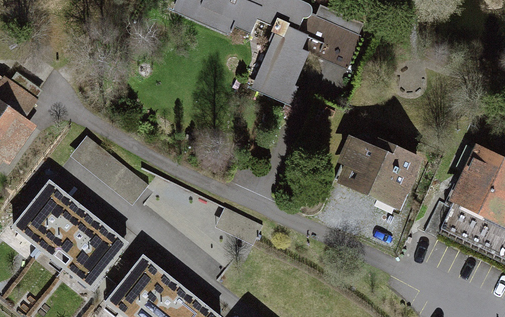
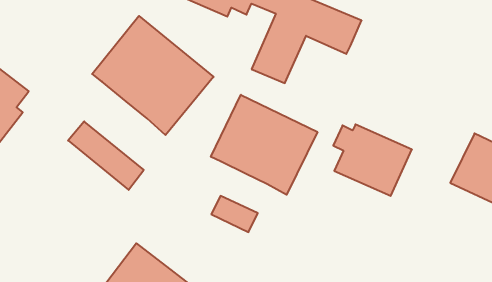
building: none -> [92,16,214,135]
building: none -> [211,95,317,195]
building: [13,182,126,288] -> none

